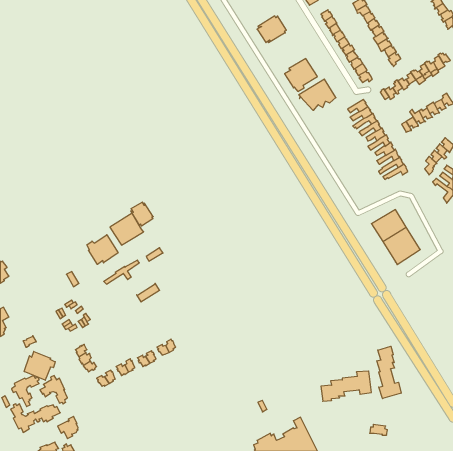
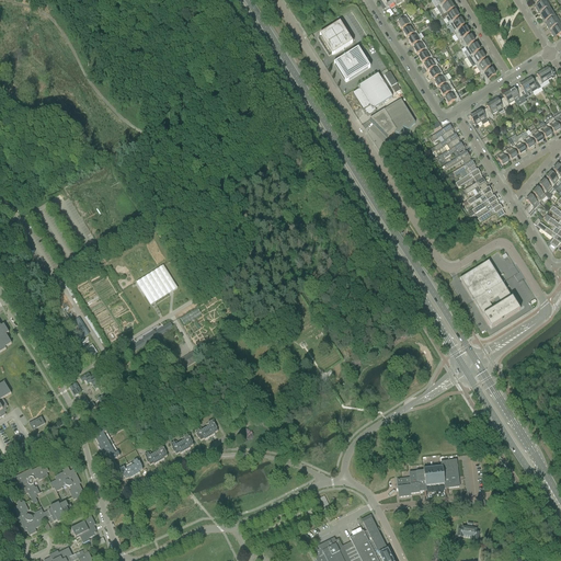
building: none -> [333,41,370,81]
building: [131,202,153,226] -> none
building: [87,235,118,264] -> none
building: [377,346,401,399] -> none
building: [24,351,55,380] -> none

